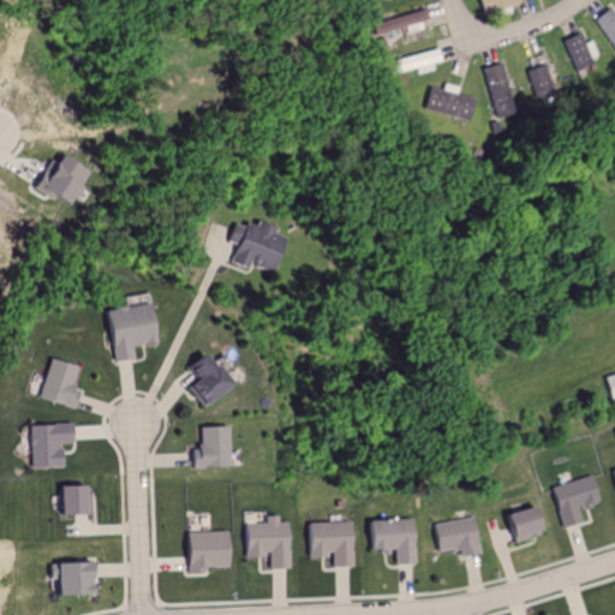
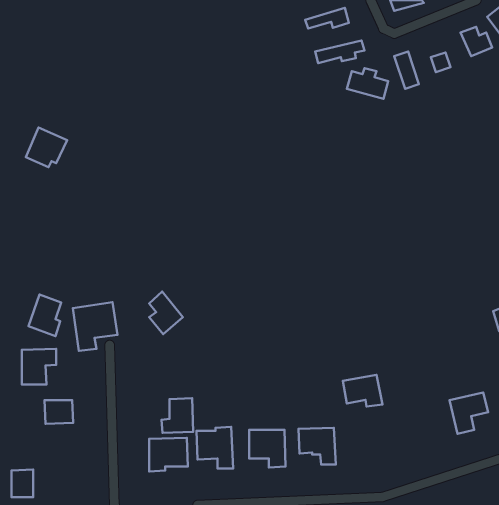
building: [232,222,285,270] -> none
building: [108,303,162,362] -> [73,302,117,351]
building: [192,426,231,468] -> [162,398,193,433]
building: [504,504,548,543] -> none
building: [435,518,483,556] -> [343,375,382,407]
building: [70,562,96,596] -> [11,469,33,497]

